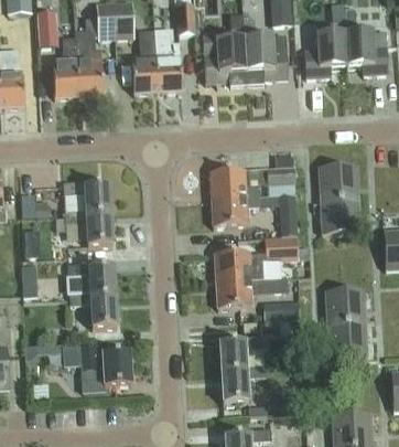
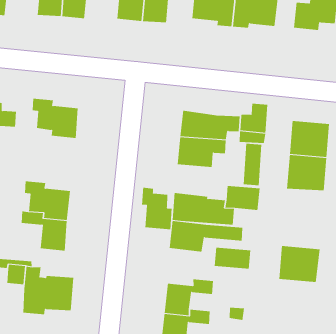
building: [65,211,112,246] -> none
building: none -> [142,187,172,230]
building: [328,321,368,358] -> none

